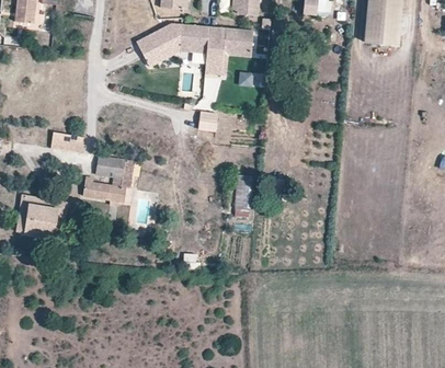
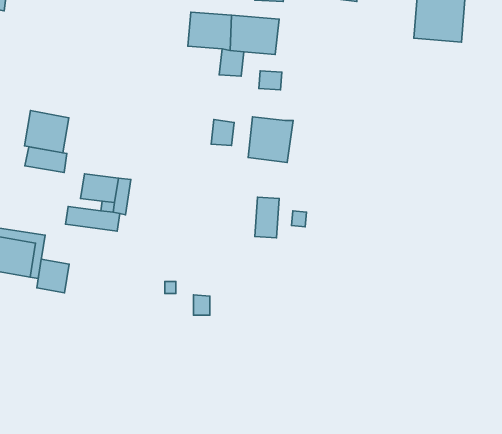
building: [136,23,183,66] -> none
building: none -> [25,111,69,153]
building: none -> [248,117,293,162]
building: none -> [37,259,69,293]

